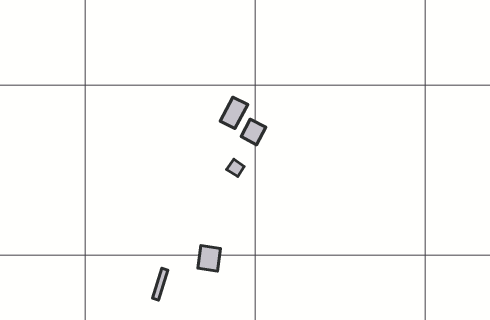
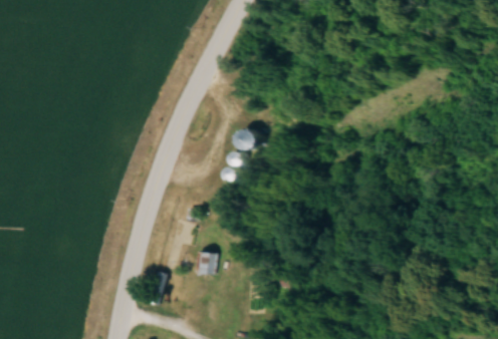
building: [220,97,248,129] -> none

